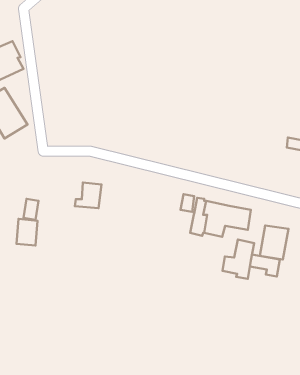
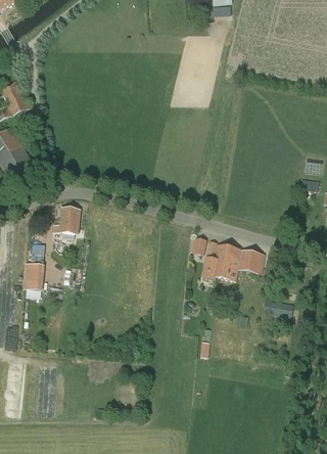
building: [75,182,102,208] -> [52,207,80,233]
building: [260,225,288,260] -> none
building: [223,240,254,279] -> none

